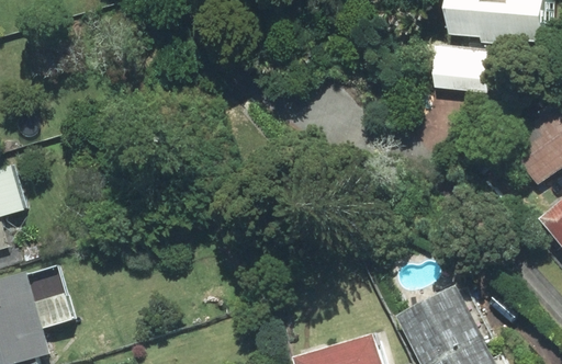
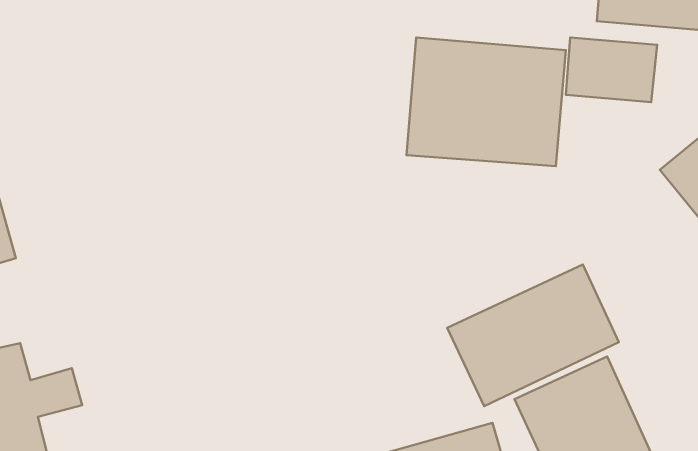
building: none -> [406,38,566,166]
building: none -> [447,265,619,406]

